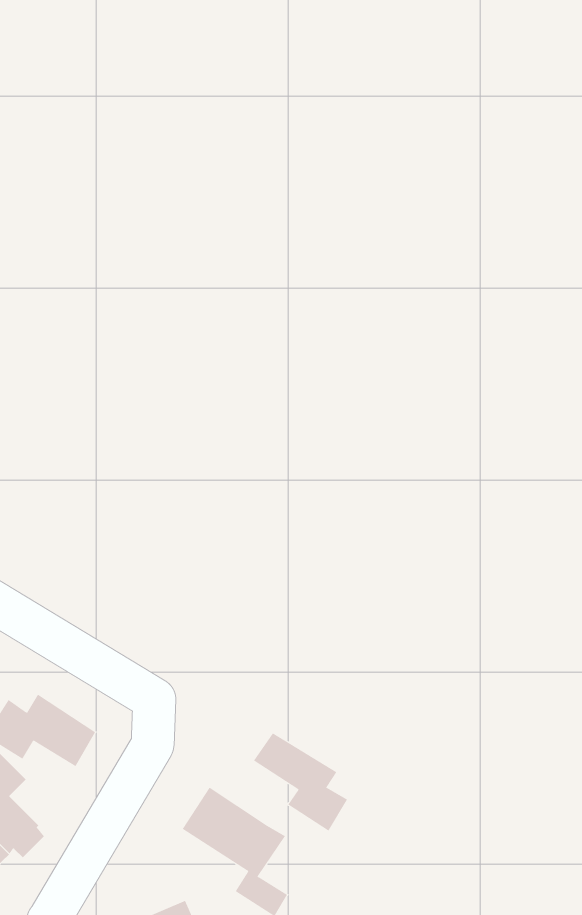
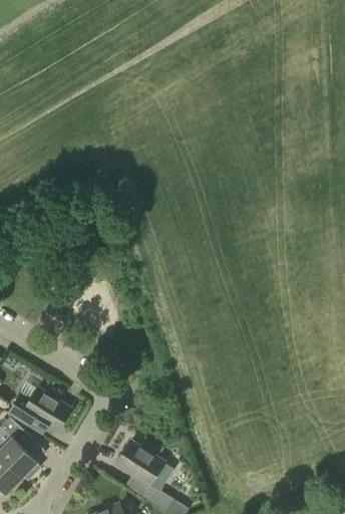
building: [253,732,348,831] -> none

